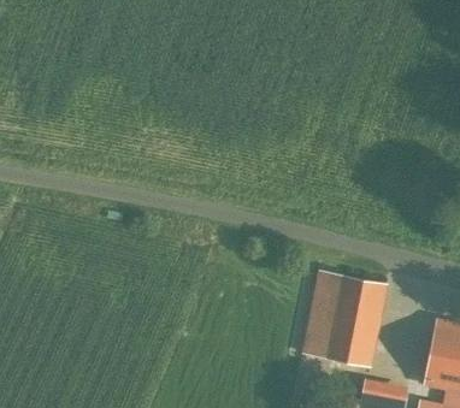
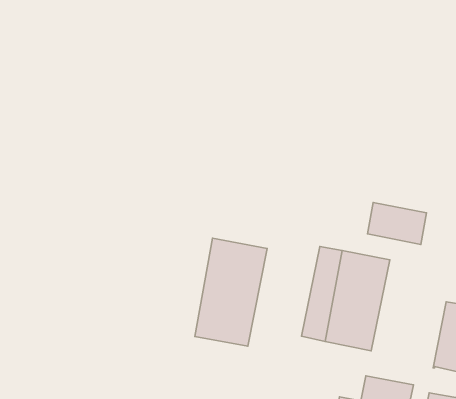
building: none -> [367,203,426,244]
building: none -> [195,238,267,346]

